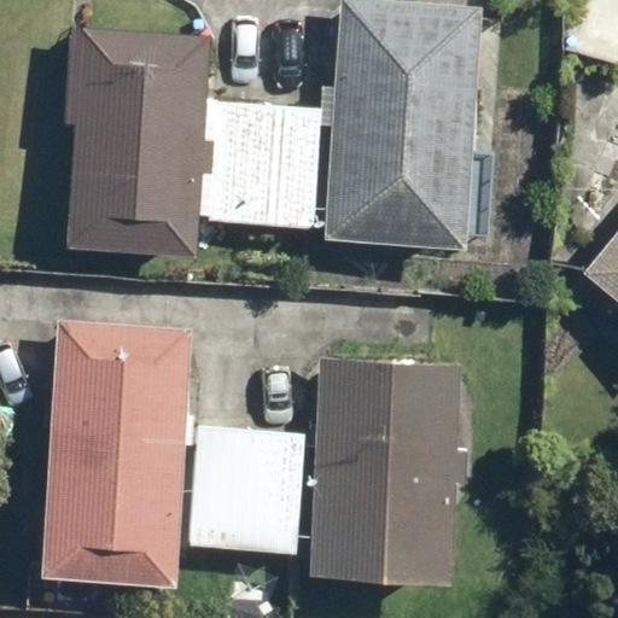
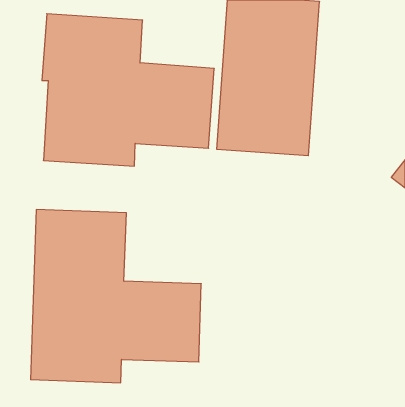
building: [311,366,460,575] -> none

